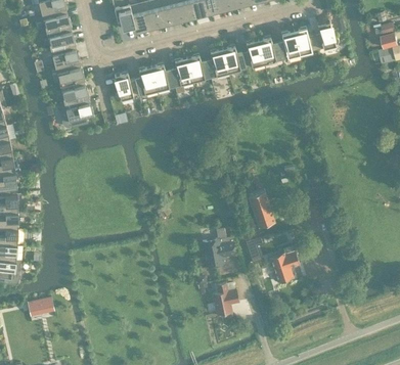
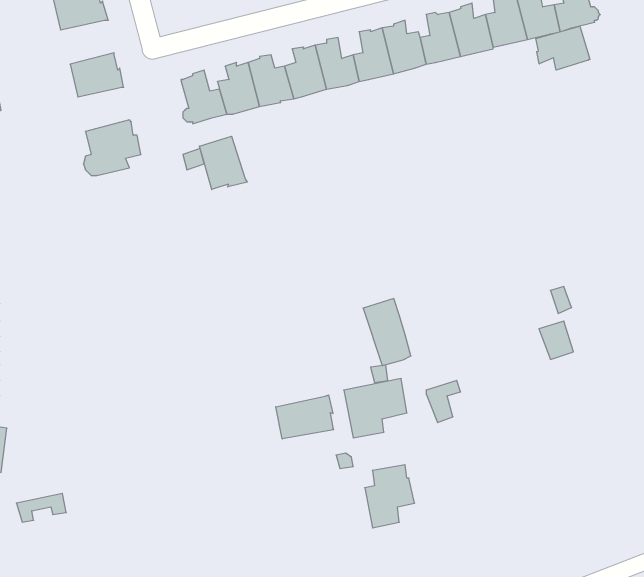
building: [50,46,80,70] -> none
building: none -> [536,26,590,70]
building: [59,82,89,105] -> none
building: none -> [199,136,247,190]
building: [249,192,274,228] -> [363,299,411,366]
building: none -> [276,395,334,439]
building: [269,253,300,284] -> none

